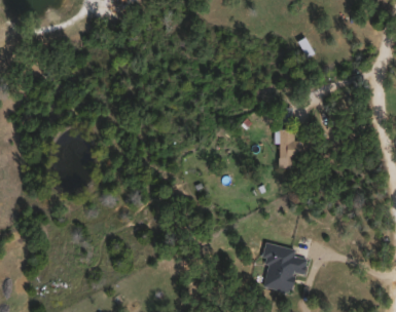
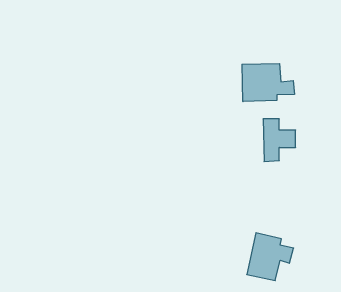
building: none -> [242,64,294,102]

